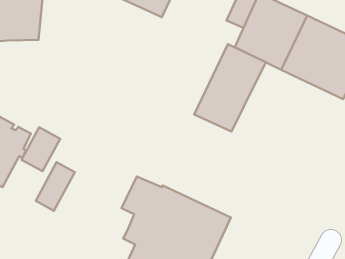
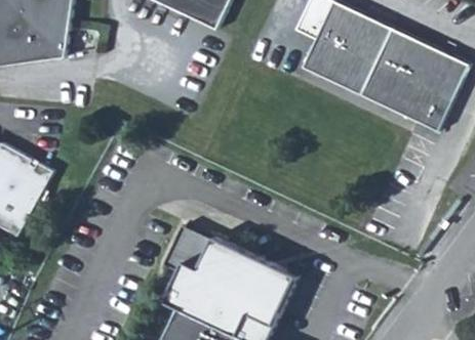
building: [194,44,266,131] -> none
building: [22,127,60,171] -> none
building: [36,162,75,211] -> none

